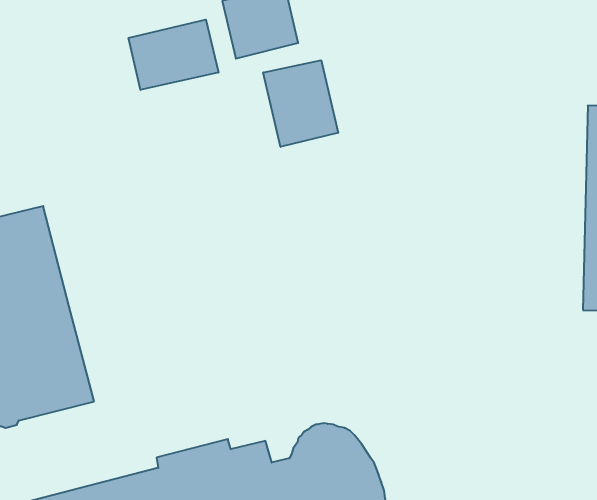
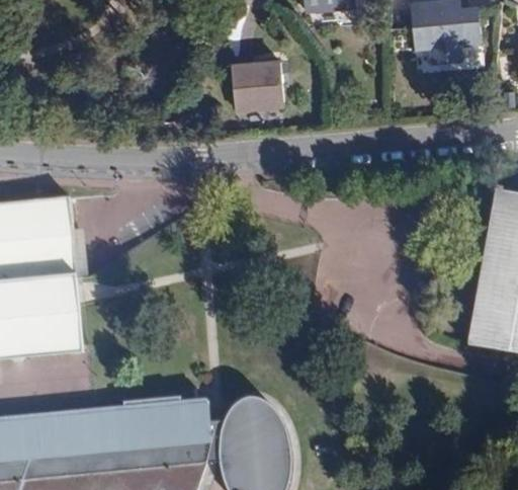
building: [129,20,218,90] -> none
building: [263,60,338,147] -> none

